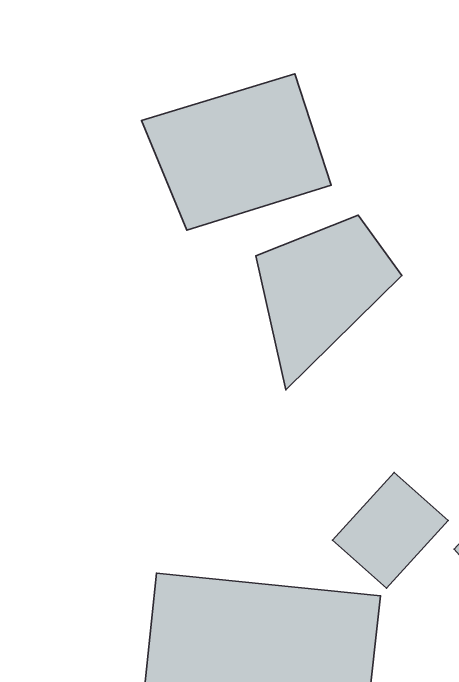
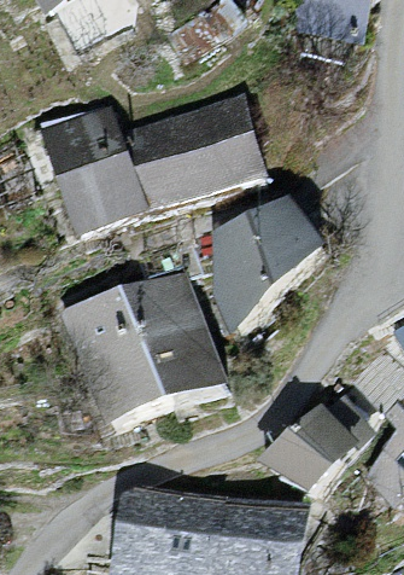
building: none -> [45,99,152,236]
building: none -> [59,271,224,429]

